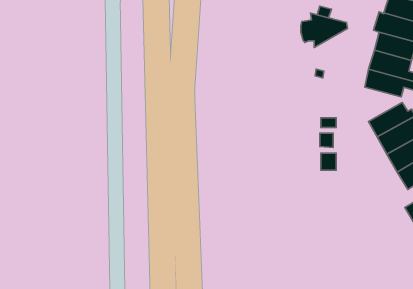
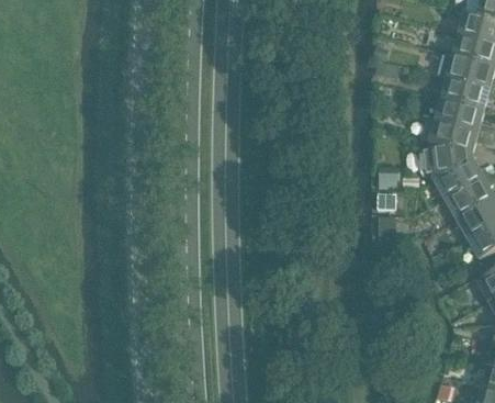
building: [301,13,348,47] -> [421,139,475,179]

